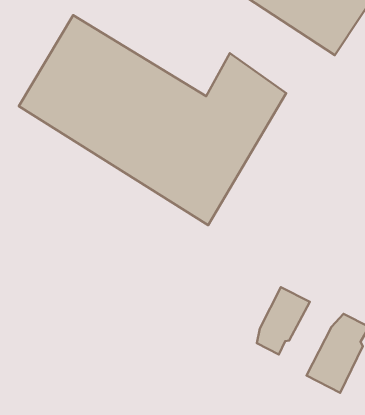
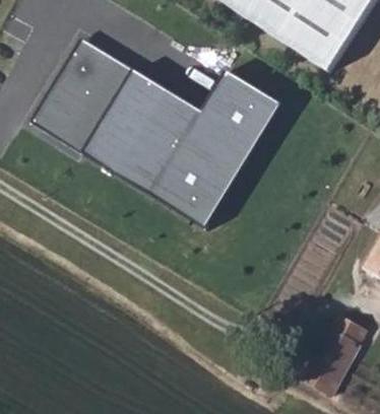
building: [257,287,310,355] -> none

